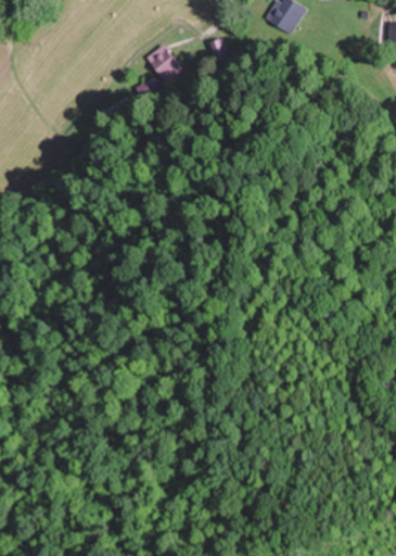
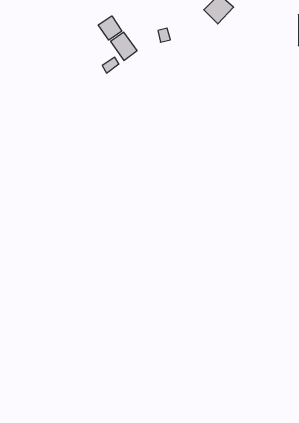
building: none -> [98,16,122,40]

